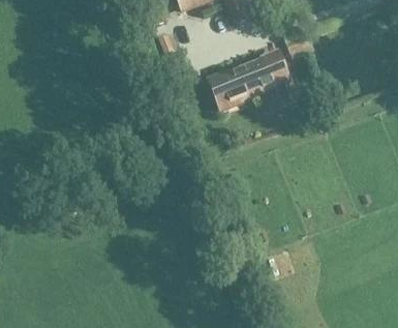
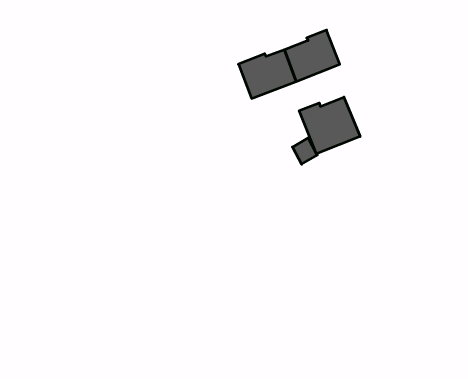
building: none -> [299,97,360,154]

